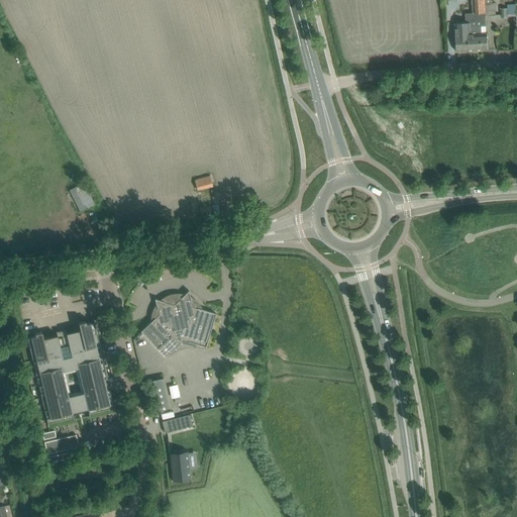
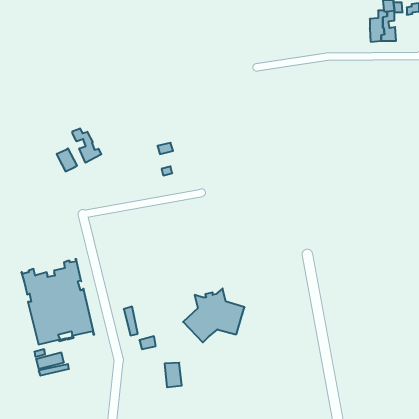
building: none -> [72,128,101,163]
building: [140,290,216,356] -> [183,288,245,342]
building: [170,451,191,482] -> [165,363,182,387]

